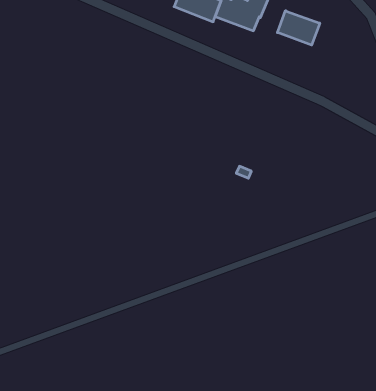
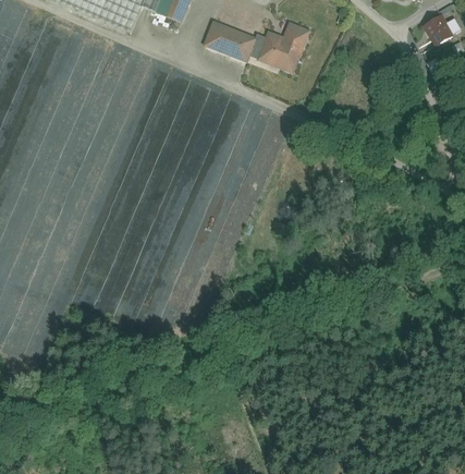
building: [277,11,320,45] -> none

